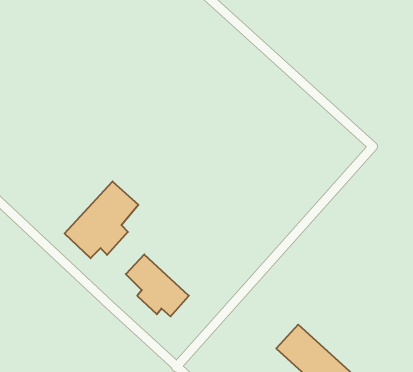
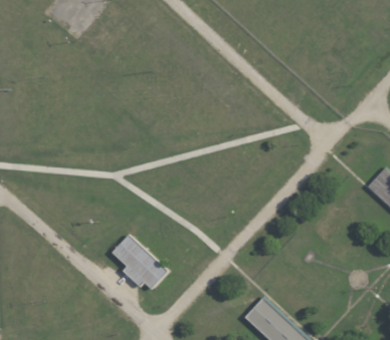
building: [65,181,138,258] -> none

